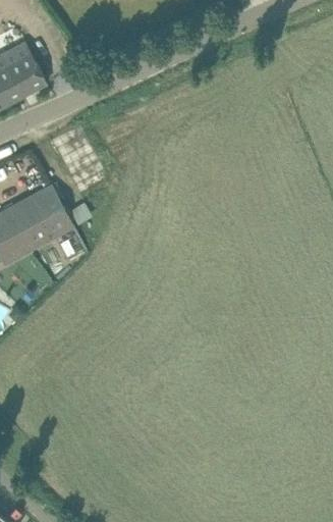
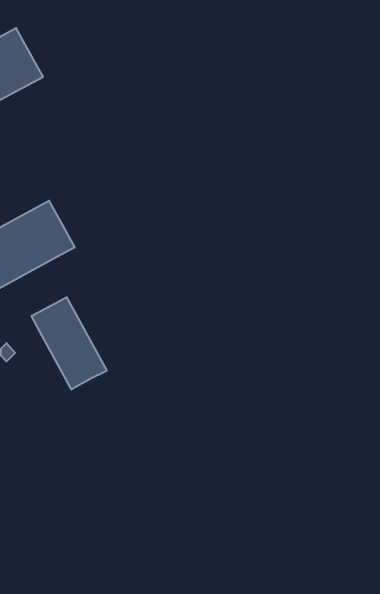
building: none -> [31,297,107,390]

